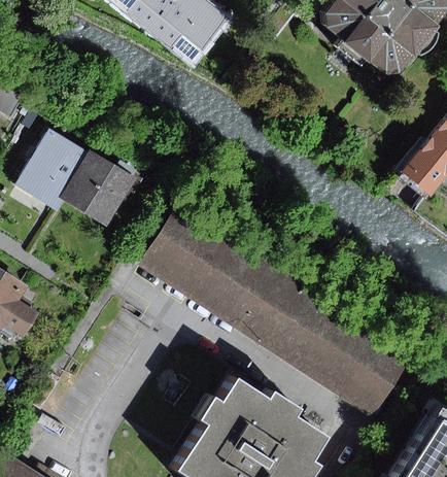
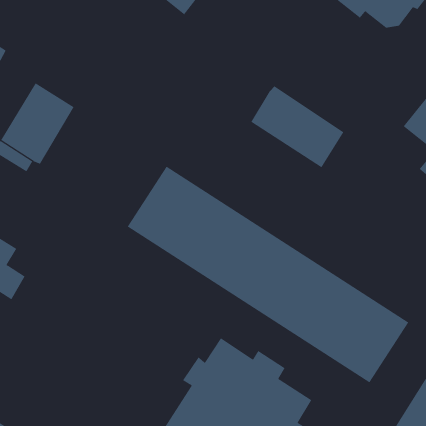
building: none -> [250,86,344,168]
building: [62,149,137,226] -> none

